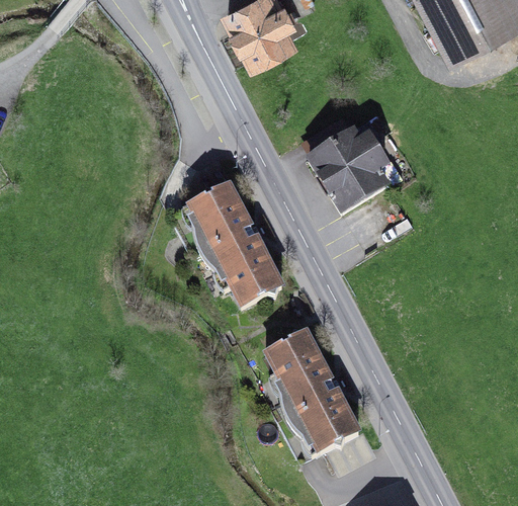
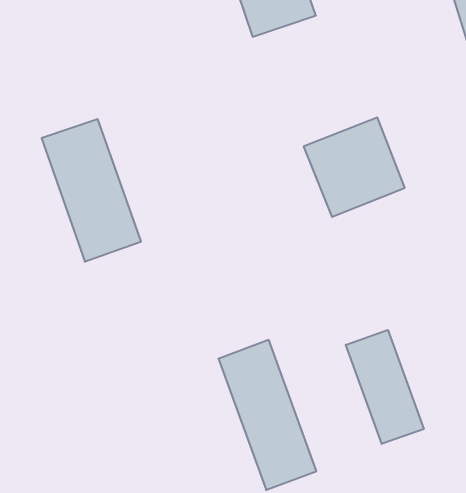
building: [183,180,284,307] -> [42,119,141,262]
building: none -> [346,330,424,444]

